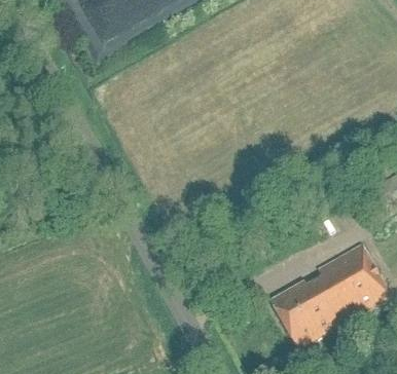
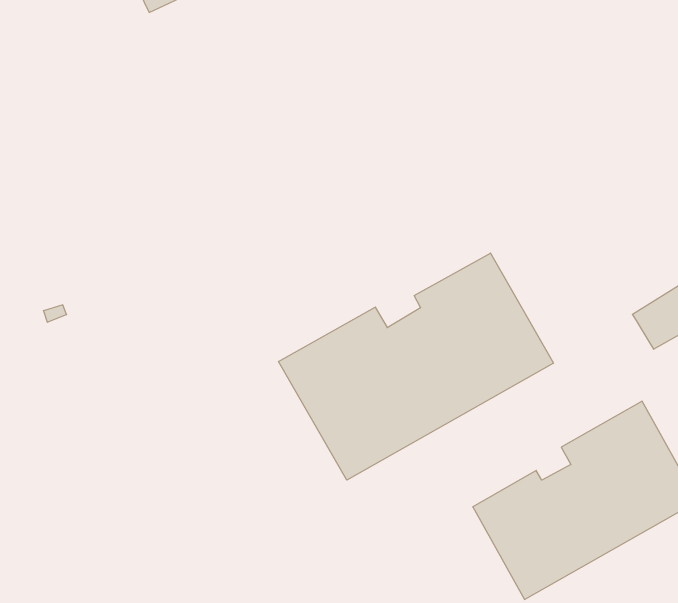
building: none -> [279,253,553,480]

